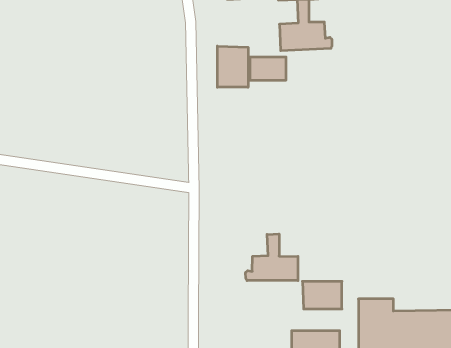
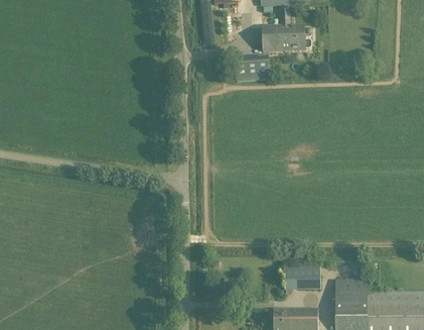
building: [217,46,248,87] -> none
building: [246,234,298,281] -> none

